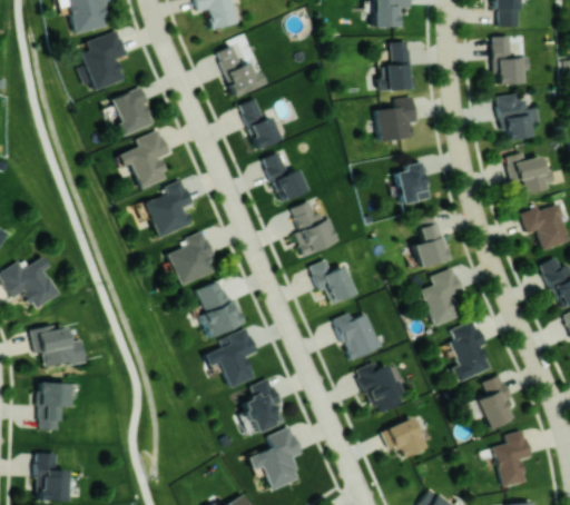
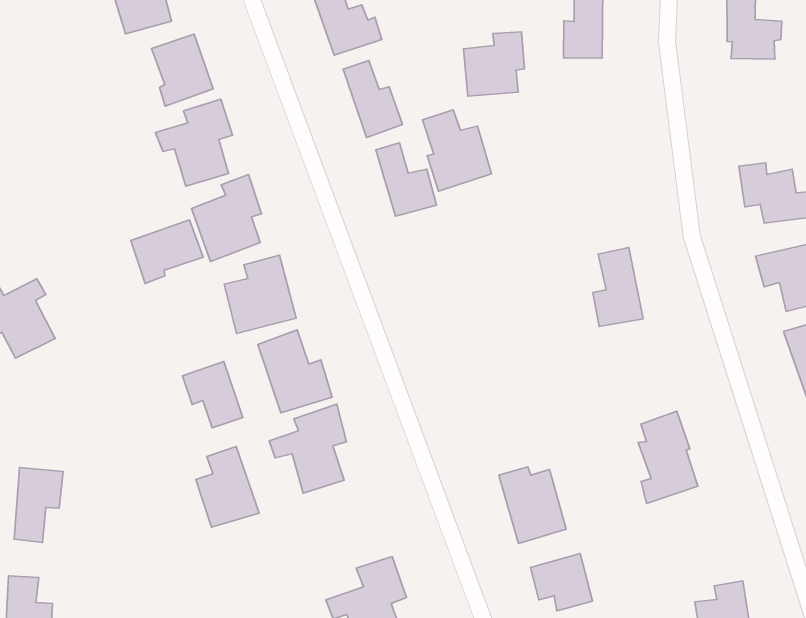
building: [499,95,541,141] -> none
building: [376,97,417,141] -> [464,32,525,96]
building: [396,161,431,205] -> none
building: [291,201,338,256] -> [422,110,491,191]
building: none -> [131,220,203,283]
building: [311,260,355,304] -> none
building: [422,268,462,326] -> none
building: none -> [182,362,243,428]
building: [334,313,383,360] -> none
building: [30,326,85,367] -> none
building: [478,375,514,429] -> none
building: [243,378,286,433] -> [196,446,259,527]

